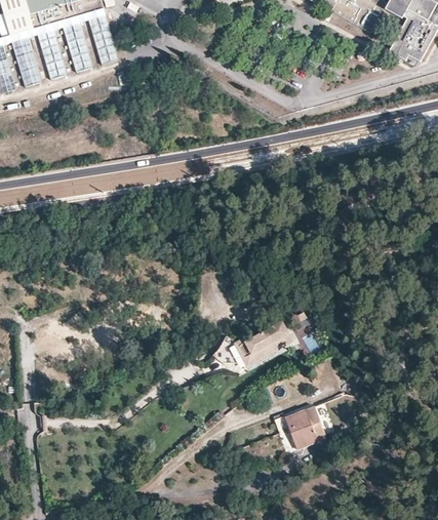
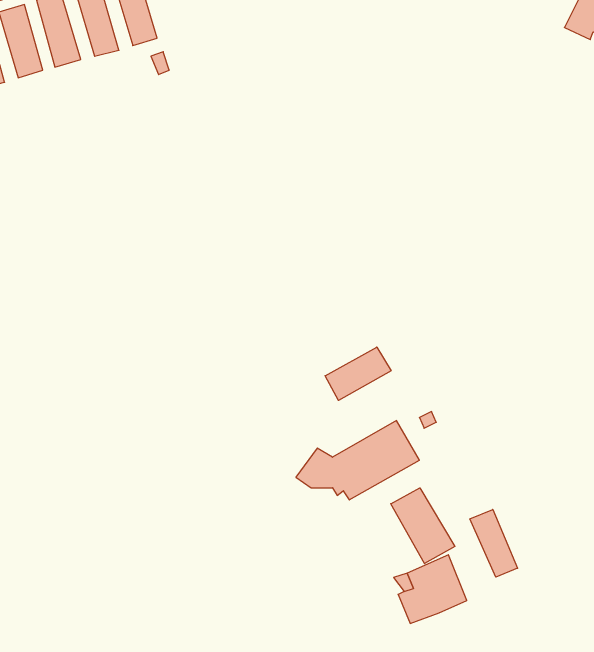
building: none -> [325,347,391,400]
building: none -> [391,488,455,564]
building: none -> [470,509,518,577]

